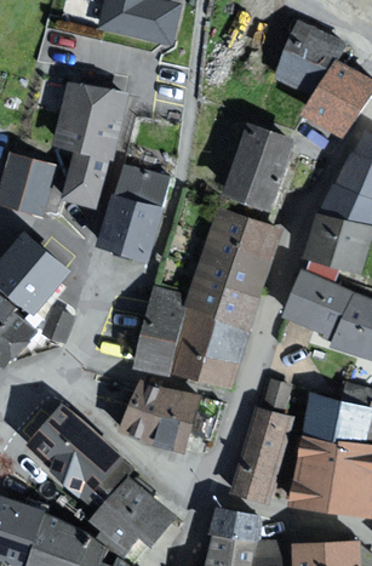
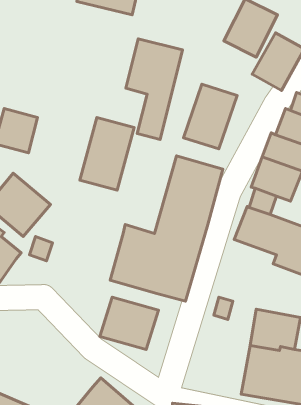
building: [53,81,121,202] -> [126,39,182,140]
building: [231,407,287,498] -> none
building: [28,408,133,494] -> none

